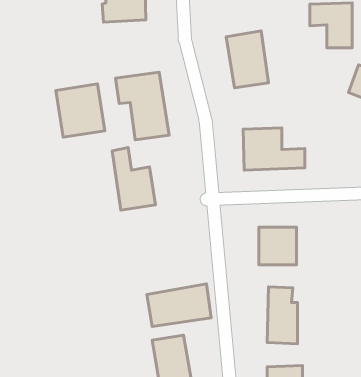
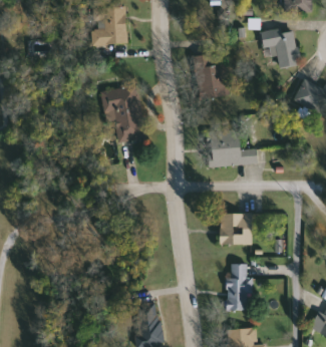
building: [56,84,105,137] -> none
building: [112,148,155,210] -> none
building: [147,284,211,327] -> none

